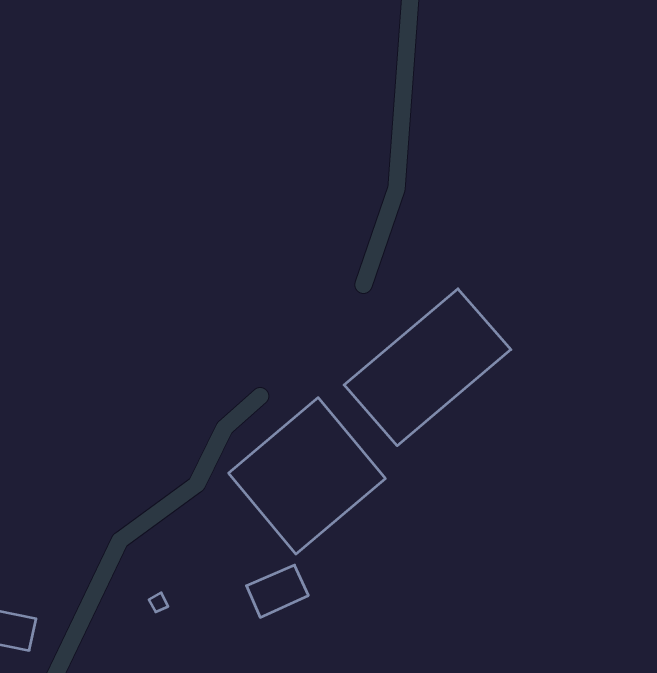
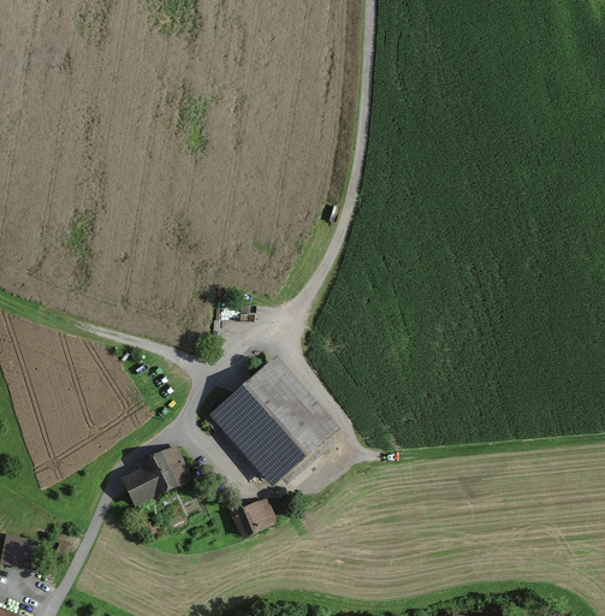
building: [344,289,511,446] -> none
building: none -> [123,444,191,507]

